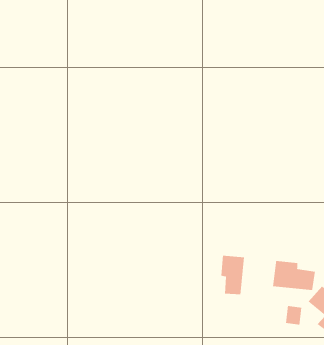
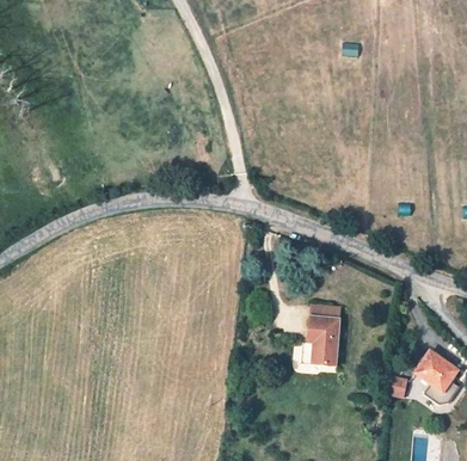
building: [273,260,315,291] -> none

